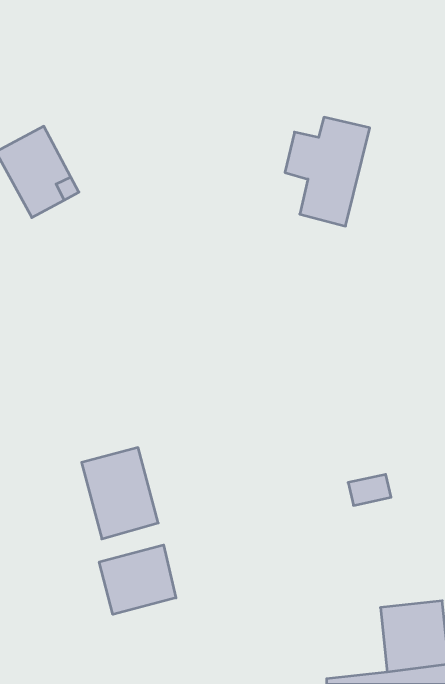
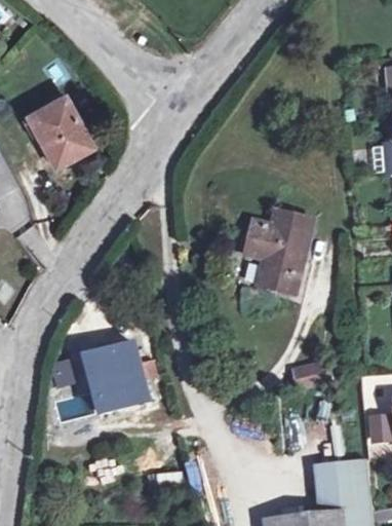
building: [285,117,370,226] -> [247,211,312,294]
building: [99,545,176,614] -> none

